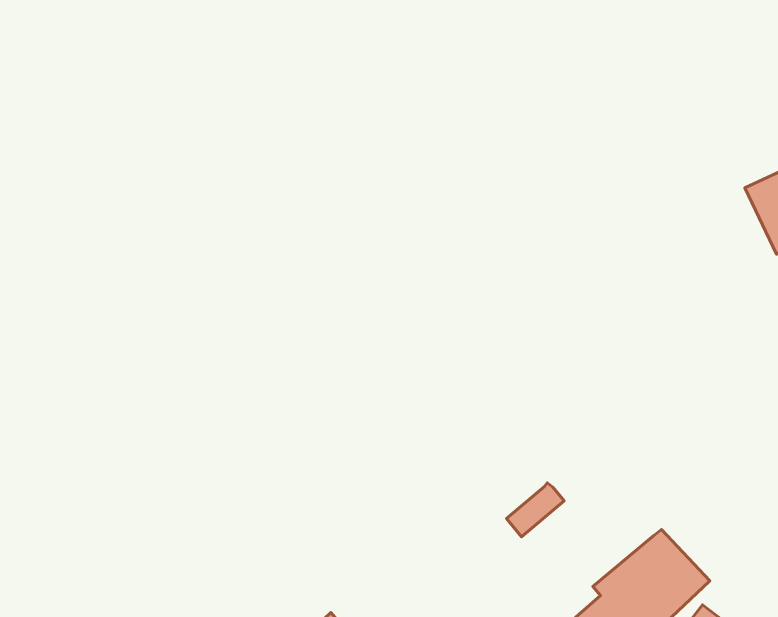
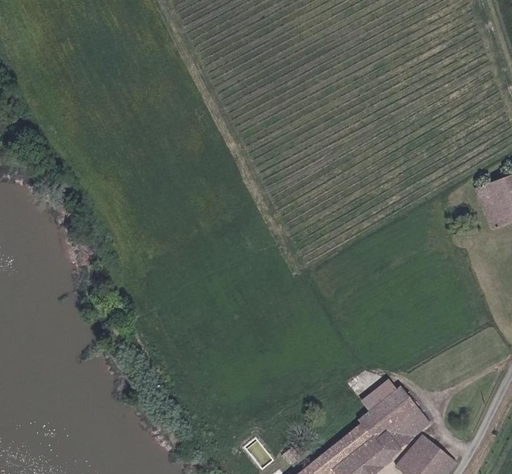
building: [506,483,564,537] -> [364,379,400,410]

